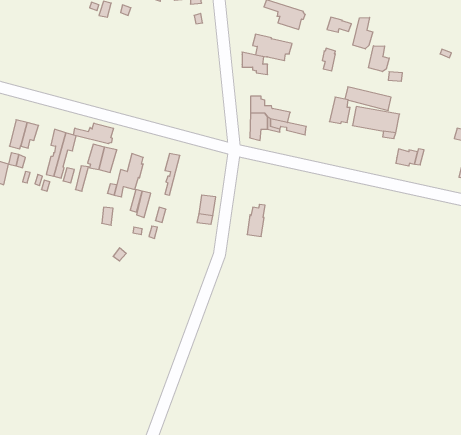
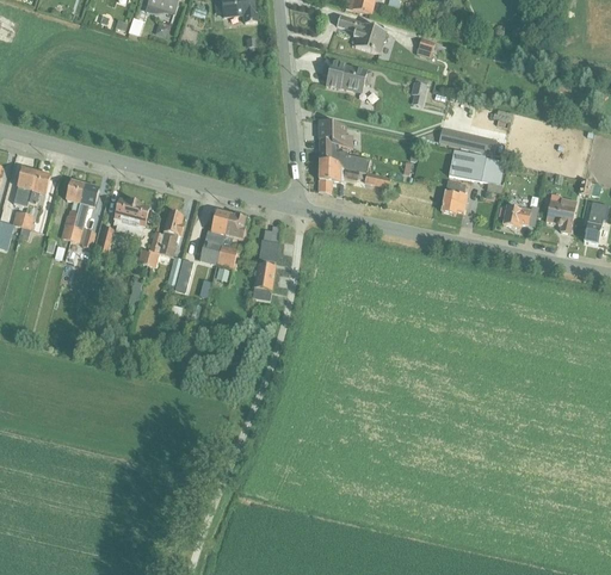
building: [353,17,373,49] -> none
building: [368,46,389,72] -> none
building: [242,52,268,75] -> [319,118,351,147]
building: [329,97,350,123] -> [440,179,467,212]
building: [74,123,114,144] -> none
building: none -> [542,192,576,231]
building: none -> [216,212,245,267]
building: [247,204,265,236] -> [257,224,279,265]

